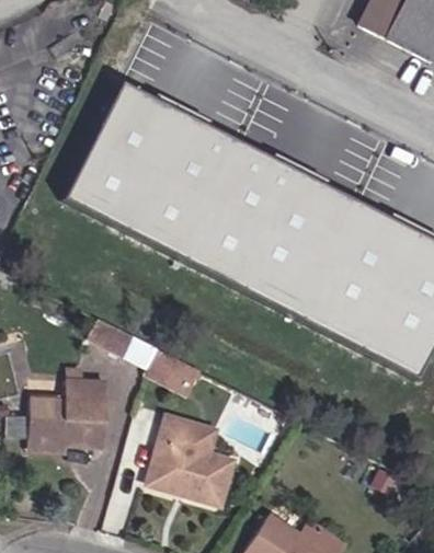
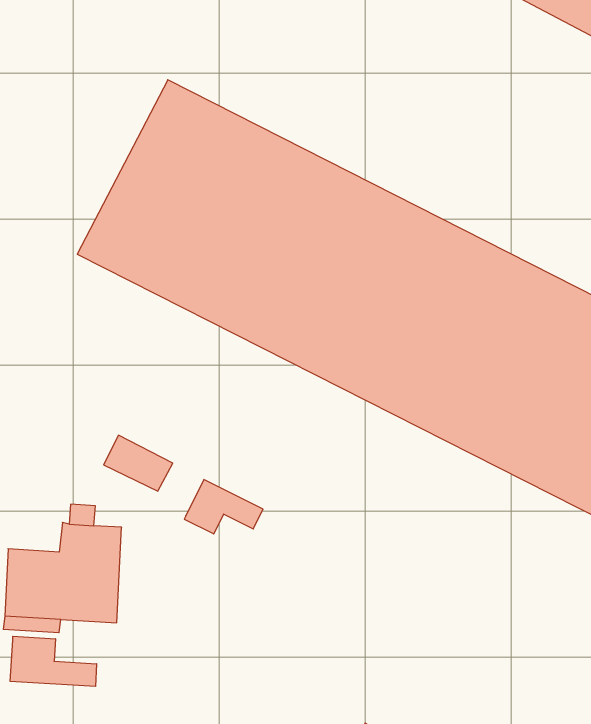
building: [147,413,232,503] -> none
building: none -> [10,636,97,686]

